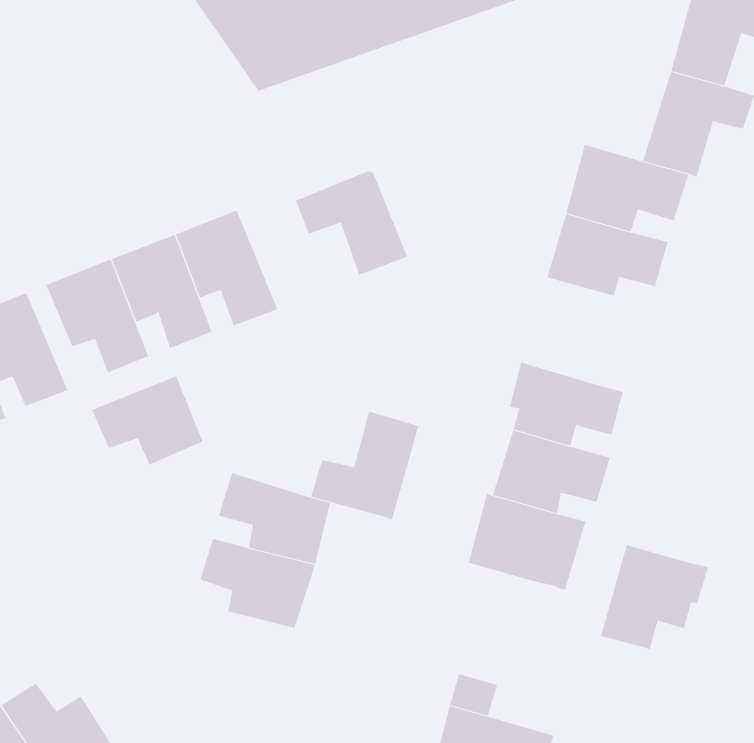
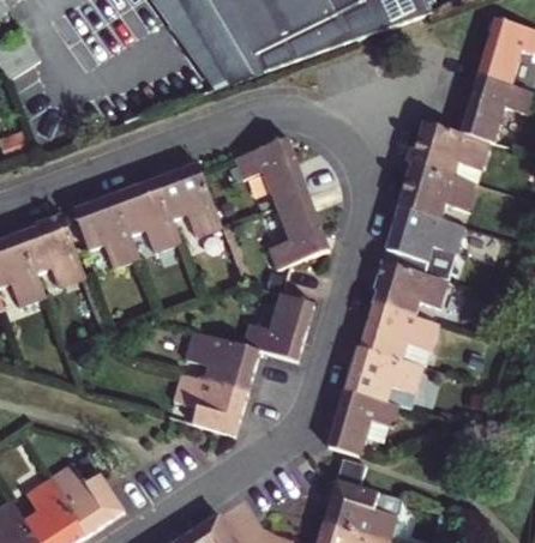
building: none -> [258,193,329,259]
building: none -> [379,206,462,273]
building: [92,375,203,466] -> none
building: [600,544,709,649] -> [329,388,398,455]

